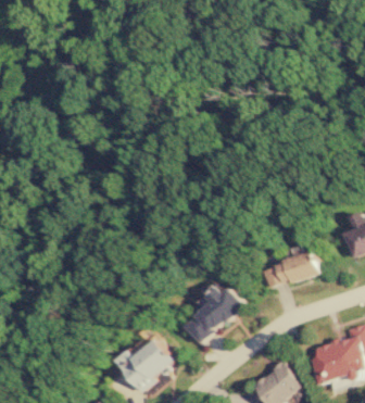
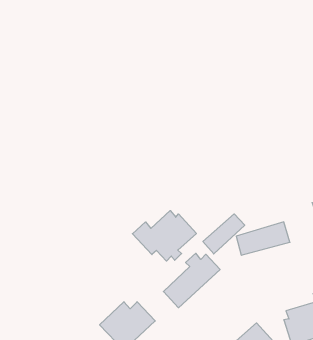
building: none -> [132,211,196,261]
building: none -> [203,214,245,254]

